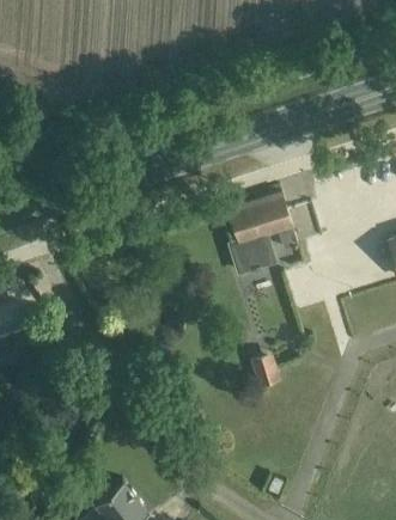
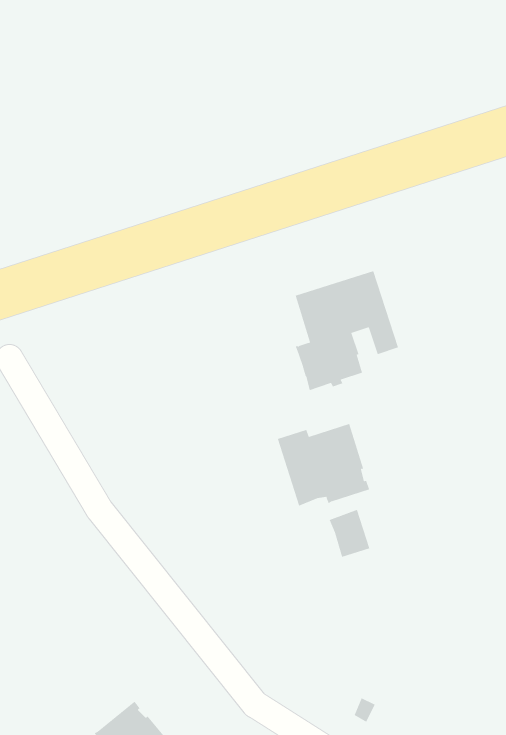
building: none -> [277,423,370,506]

